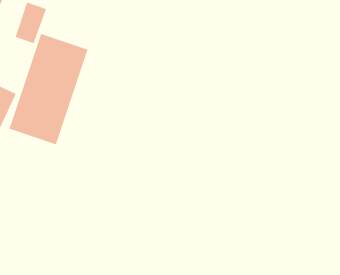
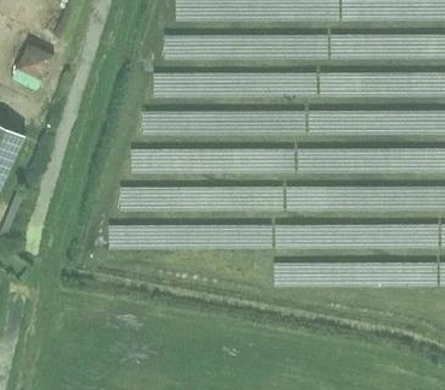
building: [9,33,88,145] -> none

